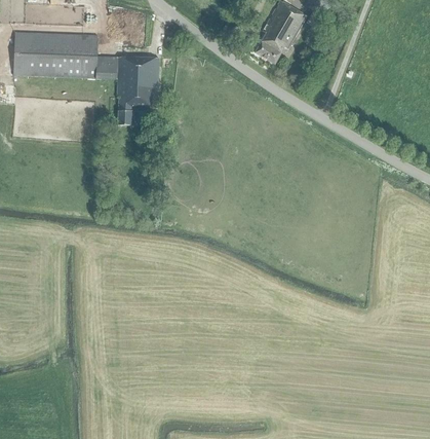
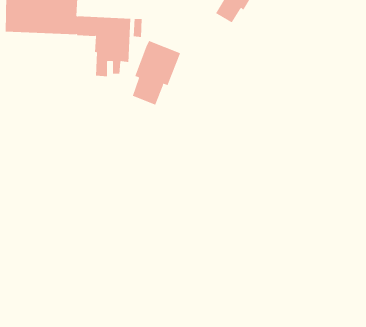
building: none -> [132,40,181,105]

